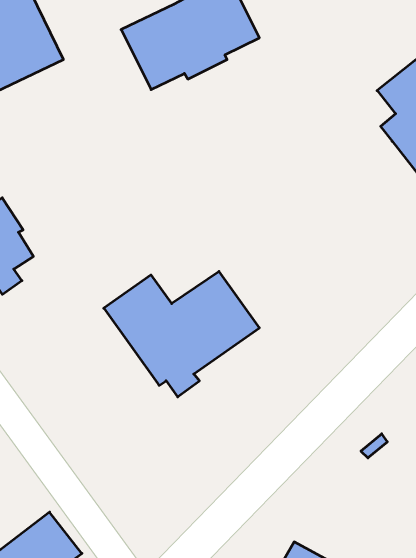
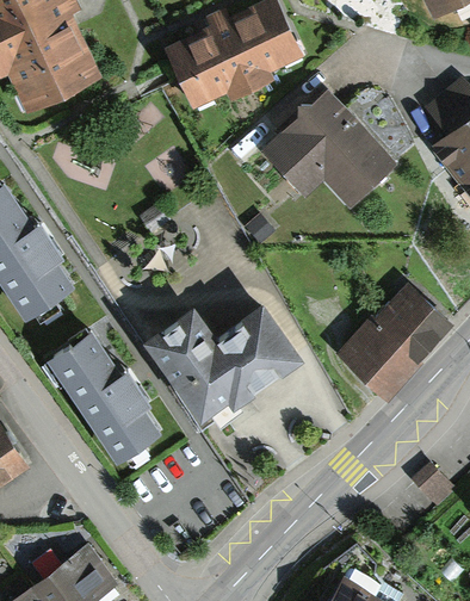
building: none -> [266,93,391,204]
building: none -> [335,284,449,401]
building: none -> [47,332,157,461]

